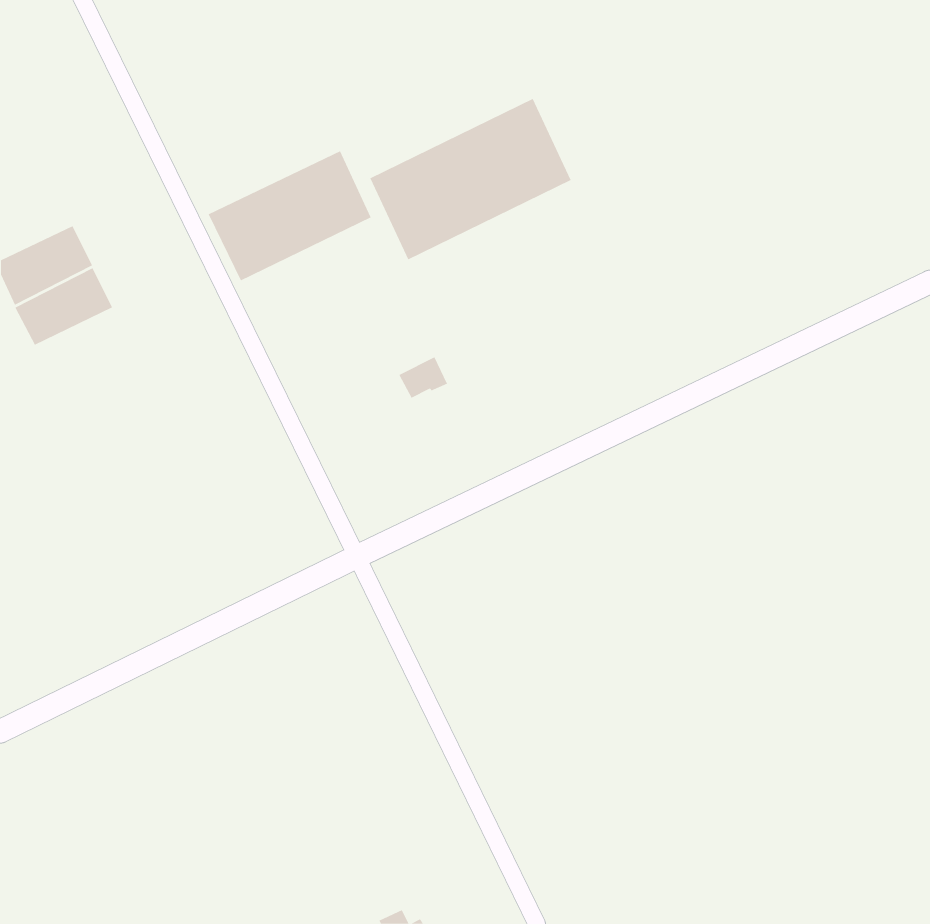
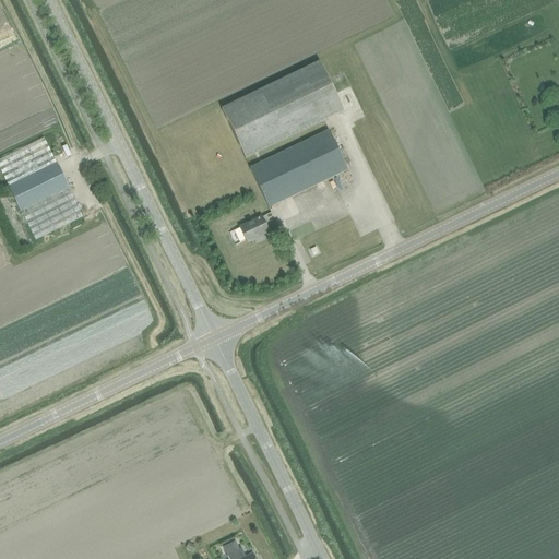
building: [208,150,372,281] -> [249,127,347,205]
building: none -> [23,189,82,238]

